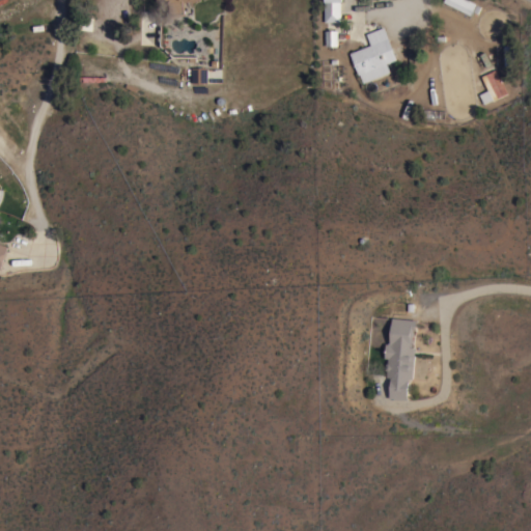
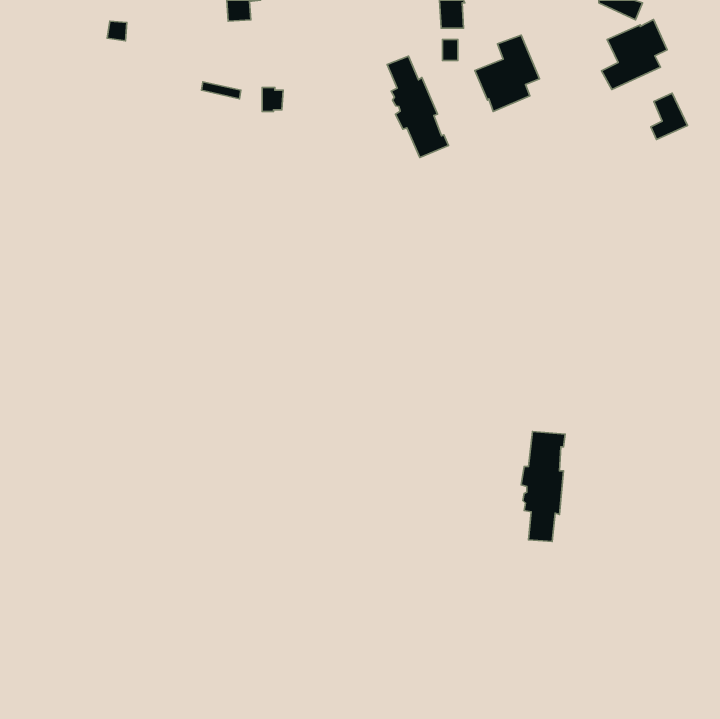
building: none -> [602,19,667,89]
building: none -> [387,56,449,157]

